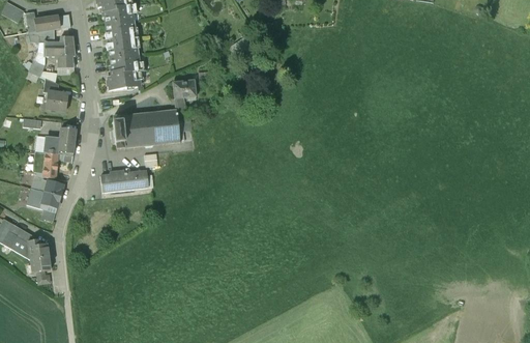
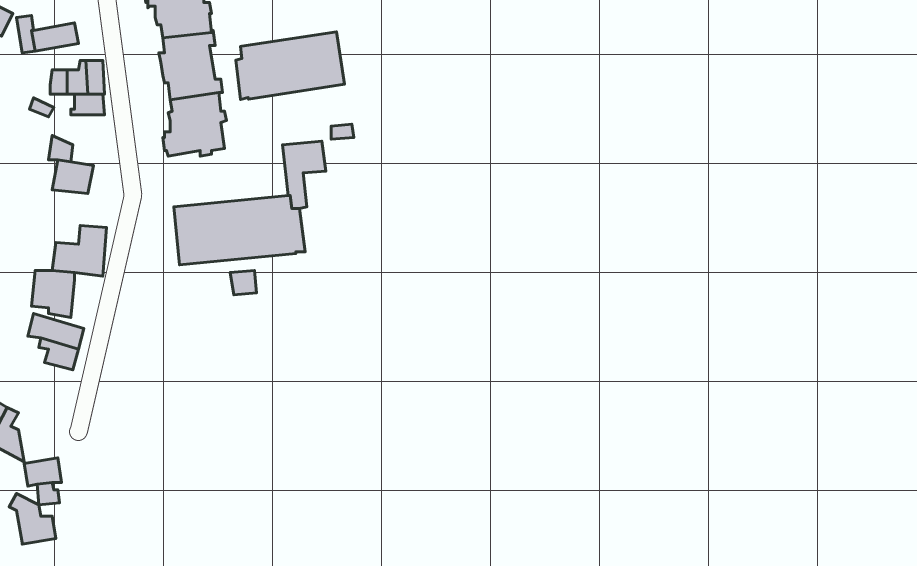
building: none -> [236,32,344,99]
building: [100,171,148,192] -> none
building: [23,231,49,259] -> [9,494,56,544]

